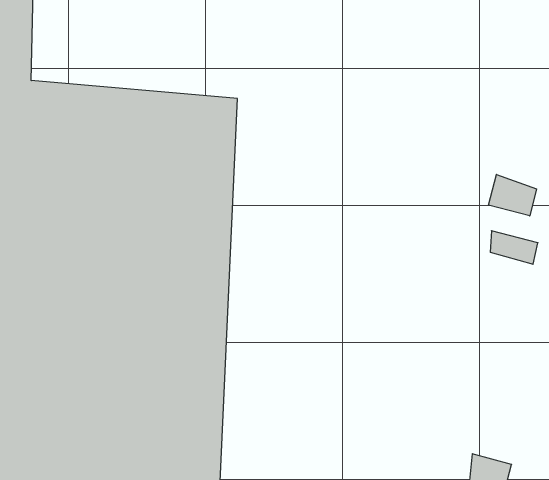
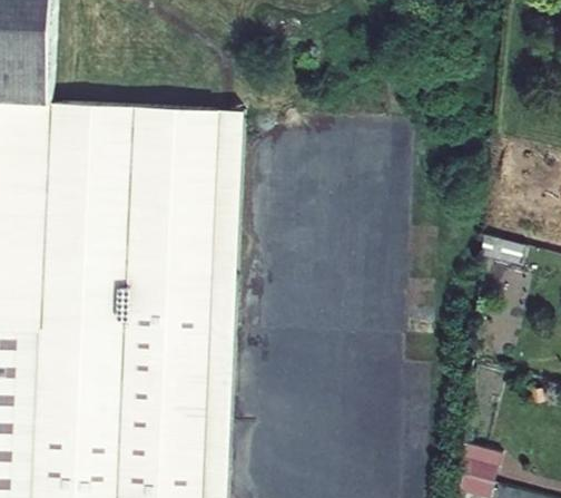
building: [488,174,537,216] -> none

